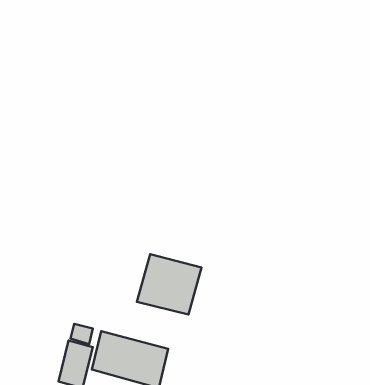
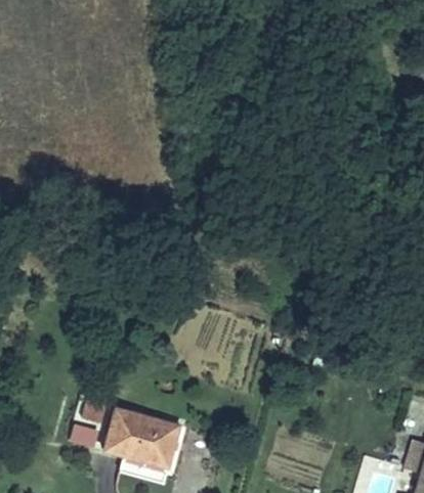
building: [137,254,201,314] -> none

